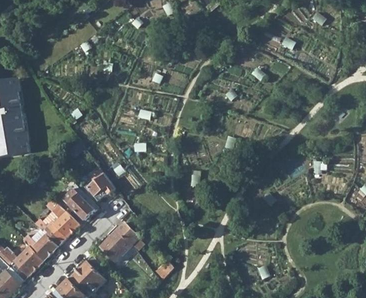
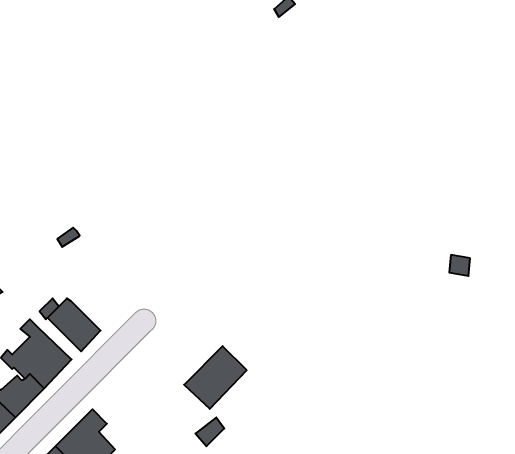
building: [79,170,115,200] -> none
building: [100,222,139,261] -> [184,346,247,409]

